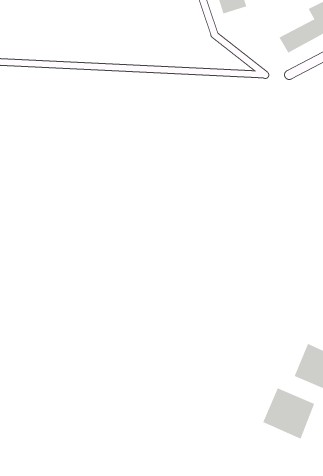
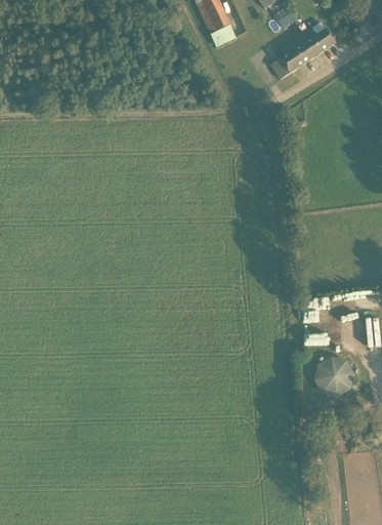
building: [262,388,315,439] -> none

